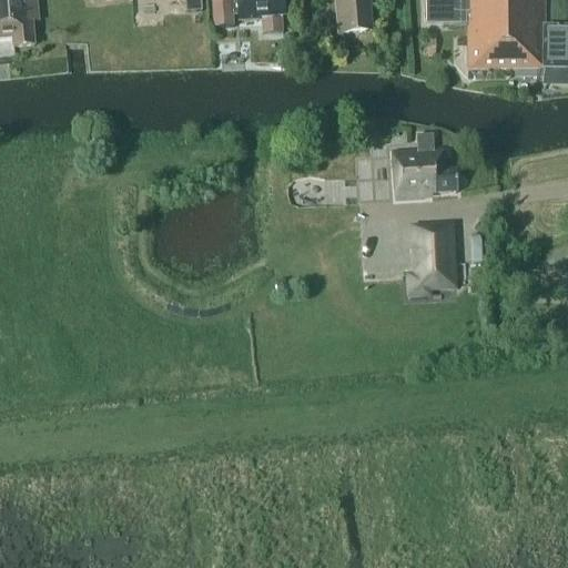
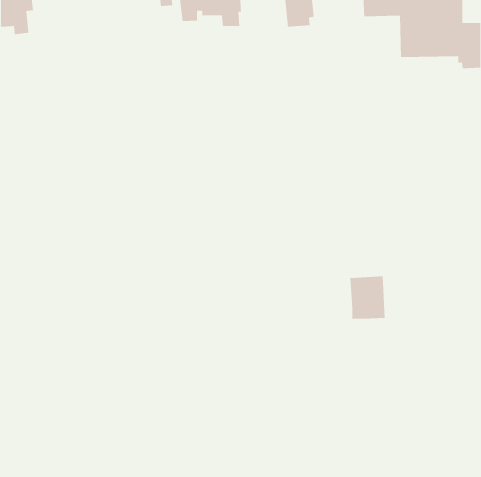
building: [392,131,458,200] -> none
building: [412,237,454,288] -> [350,276,385,319]

